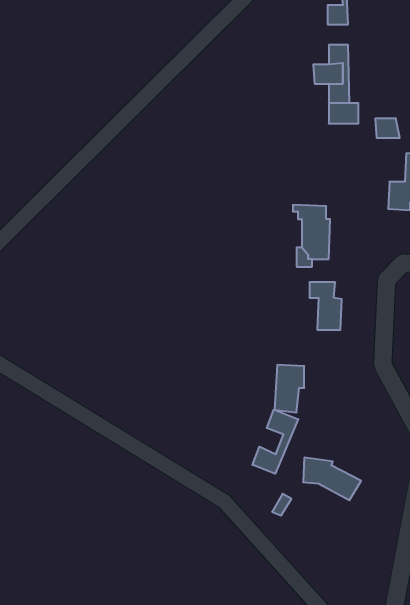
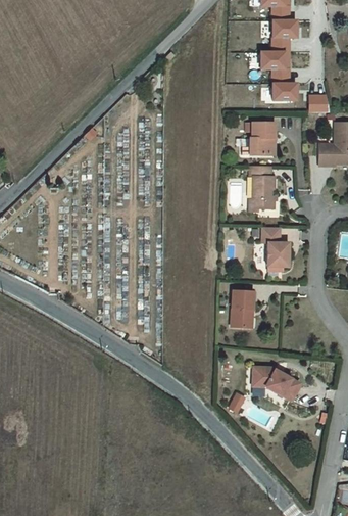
building: none -> [274,21,297,38]
building: none -> [246,122,275,154]
building: [252,410,298,474] -> none

